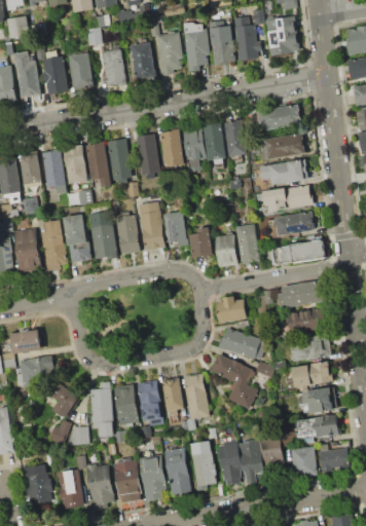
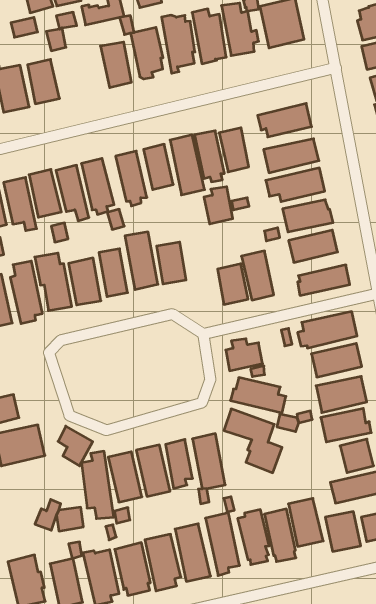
building: [102,49,125,86] -> none
building: [190,228,213,258] -> [204,187,233,224]
building: [50,383,79,417] -> [58,426,93,466]

